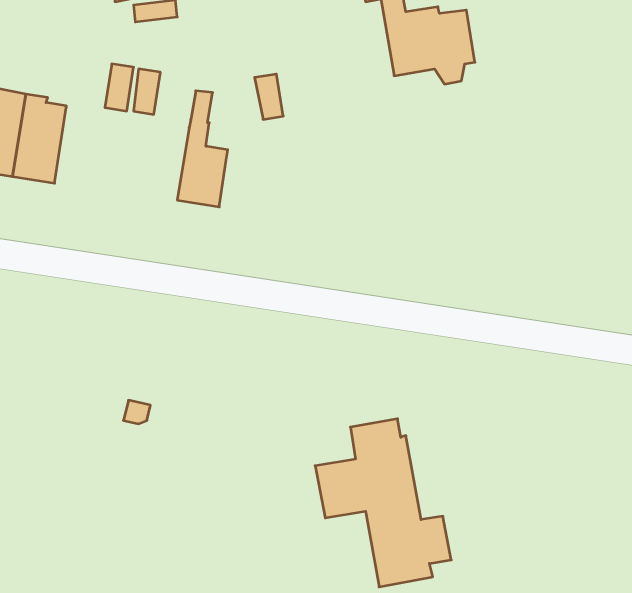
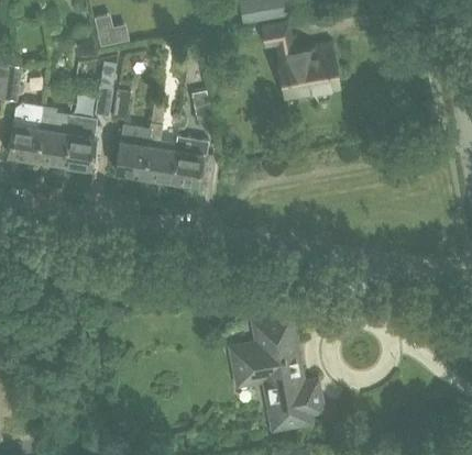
building: none -> [62,114,97,167]
building: none -> [114,123,150,175]
building: none -> [169,135,208,184]

